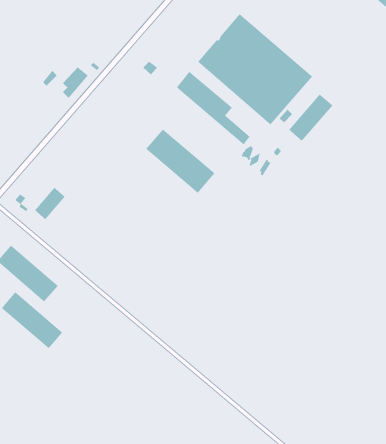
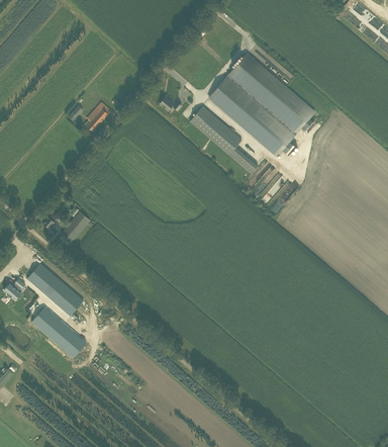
building: [288,93,333,142] -> none
building: [145,128,215,194] -> none

